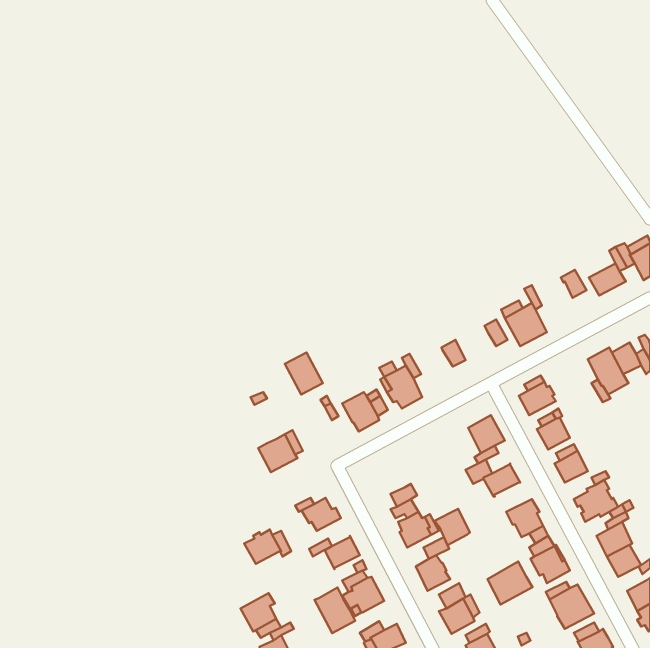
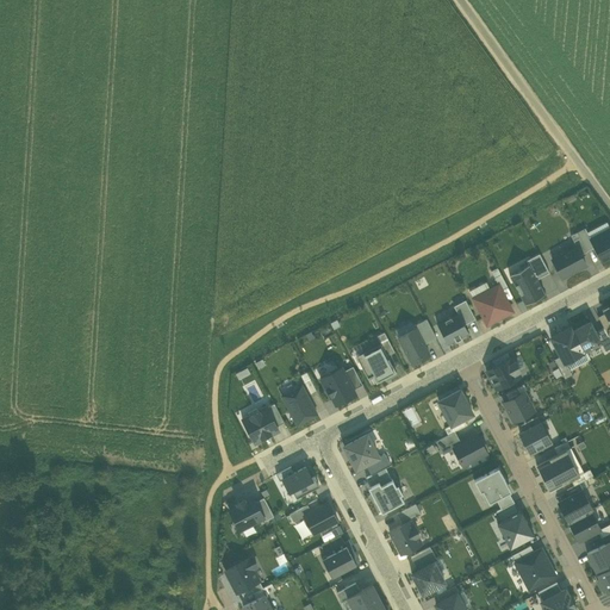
building: none -> [509,266,544,306]
building: none -> [437,315,468,346]
building: none -> [398,330,429,366]
building: [285,352,323,394] -> [281,387,317,427]
building: none -> [344,436,379,469]
building: [435,509,470,545] -> none
building: [487,561,533,604] -> none
building: [315,587,355,633] -> none

